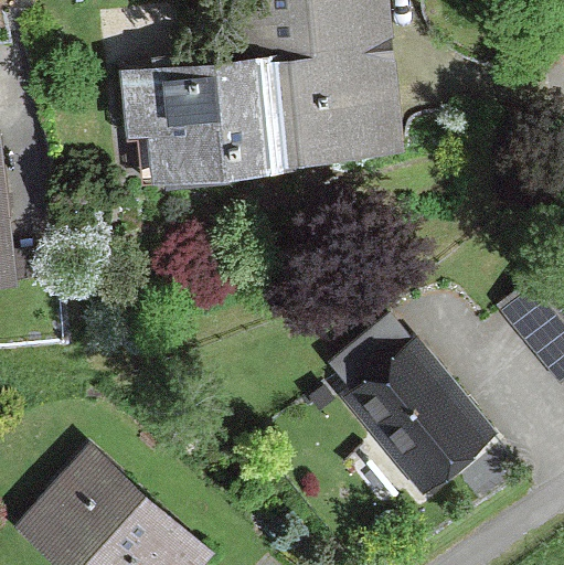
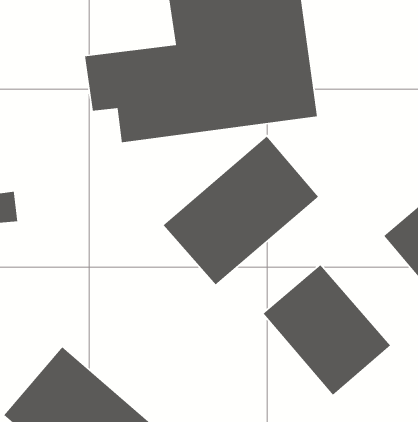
building: none -> [163,135,319,285]

